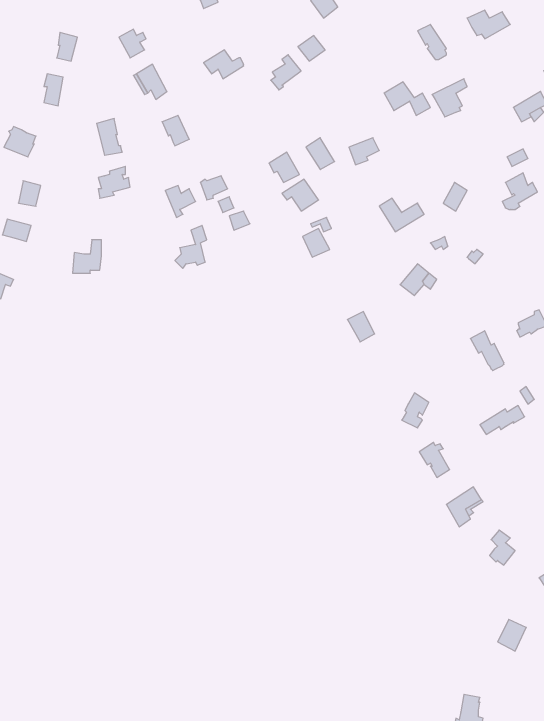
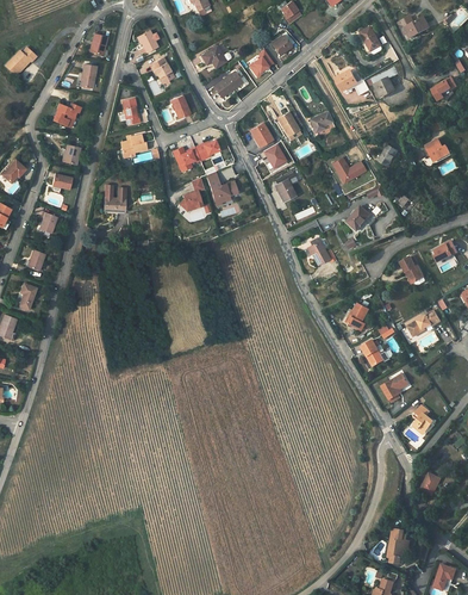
building: none -> [212,72,248,101]
building: none -> [205,172,238,207]

